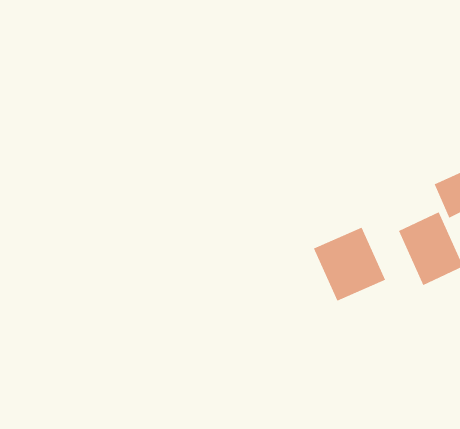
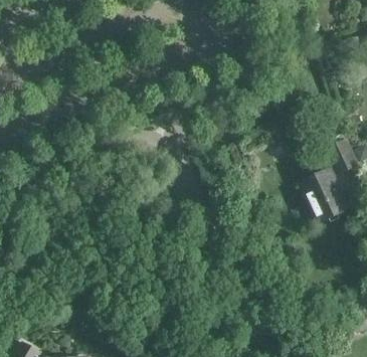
building: [313,227,386,301] -> none

